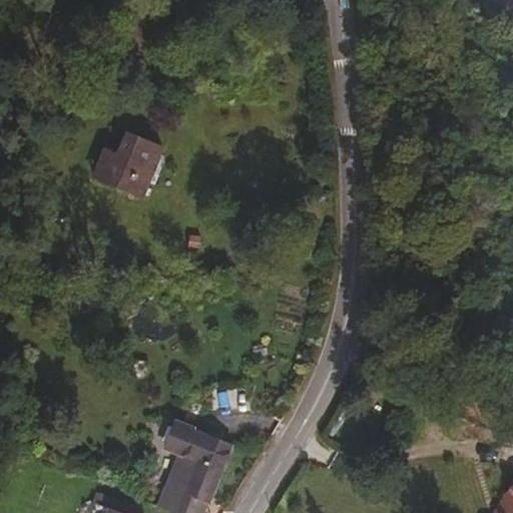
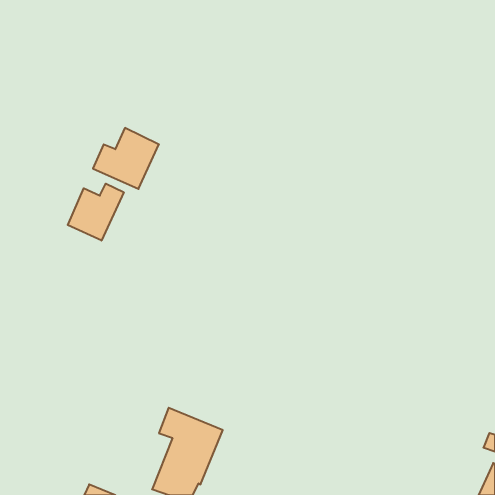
building: none -> [68,184,124,241]

